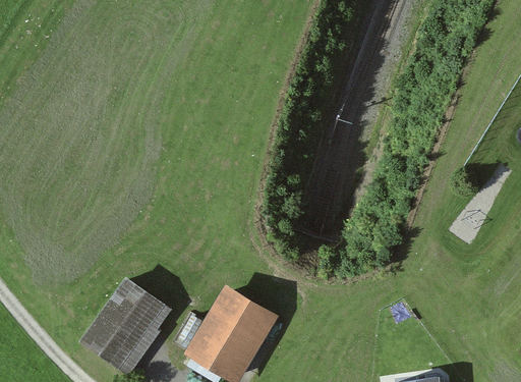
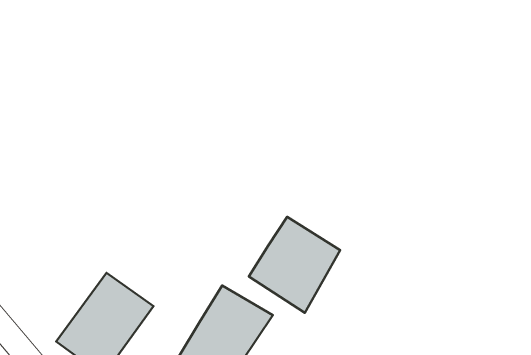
building: none -> [249,217,340,313]

